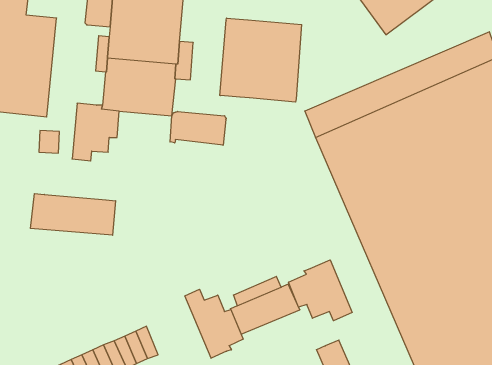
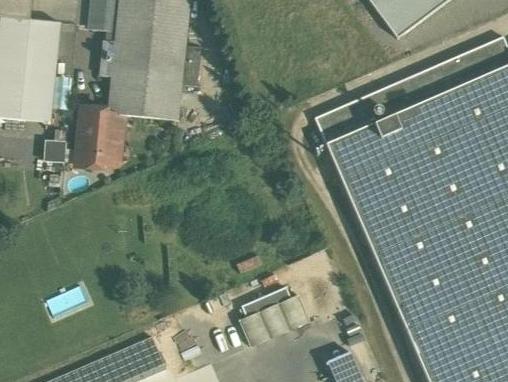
building: [220,18,302,102] -> none
building: [170,111,226,145] -> none
building: [30,194,116,235] -> none
building: [289,260,352,321] -> none
building: [185,289,243,358] -> none

